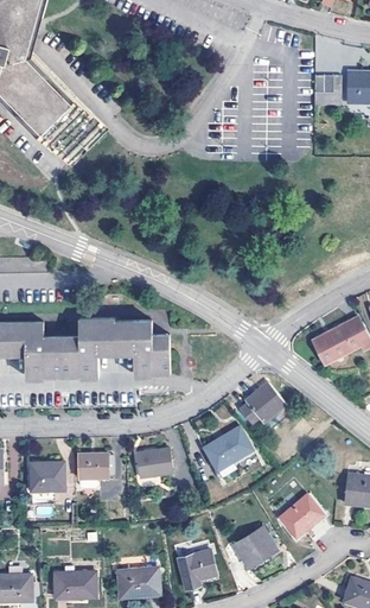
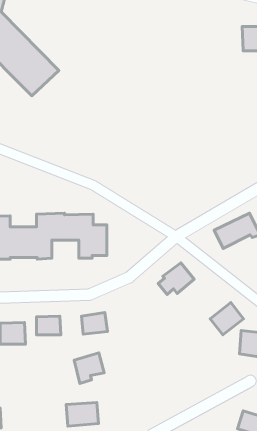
building: [312,77,339,104] -> none
building: [203,428,251,471] -> none
building: [279,495,323,538] -> [210,302,244,335]
building: [232,527,276,569] -> none
building: [177,550,216,590] -> [74,353,104,383]
building: [53,572,96,598] -> none

